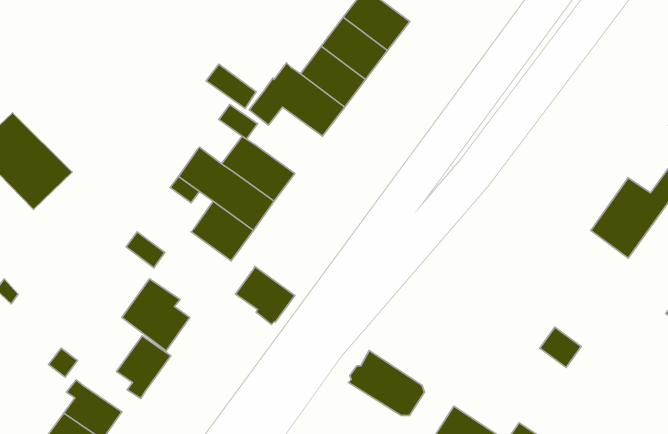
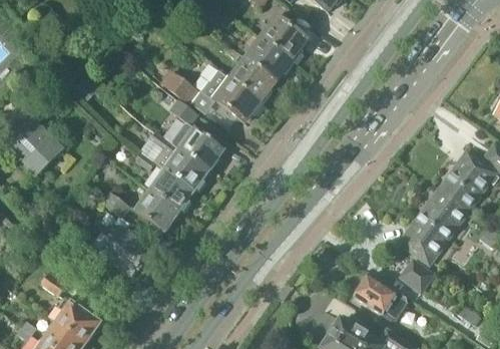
building: none -> [403,189,467,260]
building: [235,267,295,325] -> [136,190,179,232]
building: [116,336,171,399] -> none
building: [349,351,425,416] -> [354,271,409,318]

